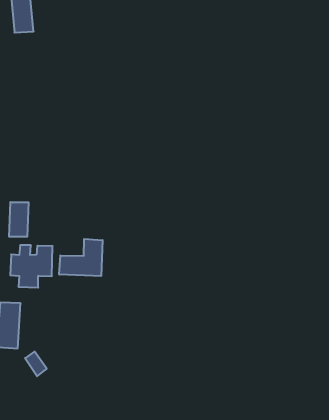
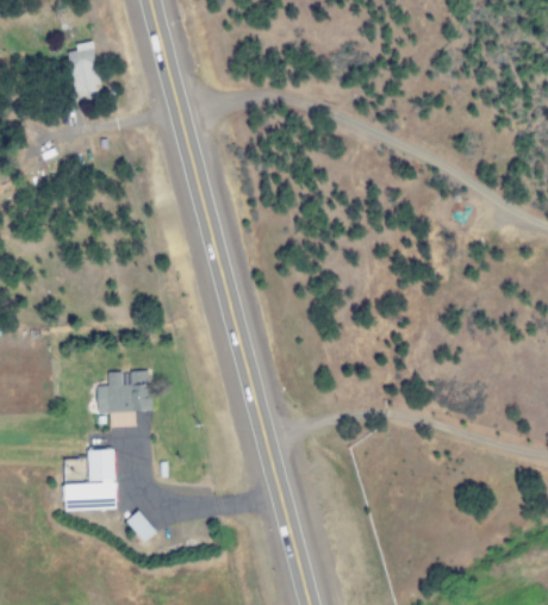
building: [9,202,29,237] -> none
building: [59,239,103,276] -> none

